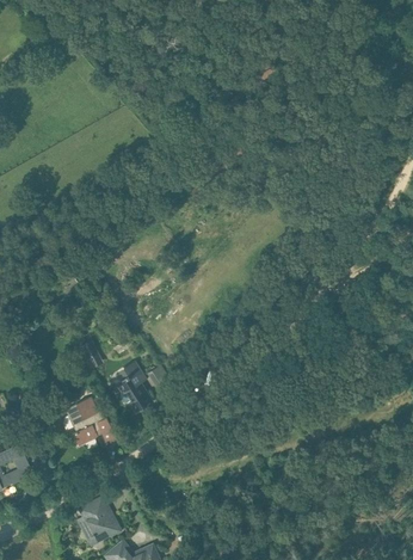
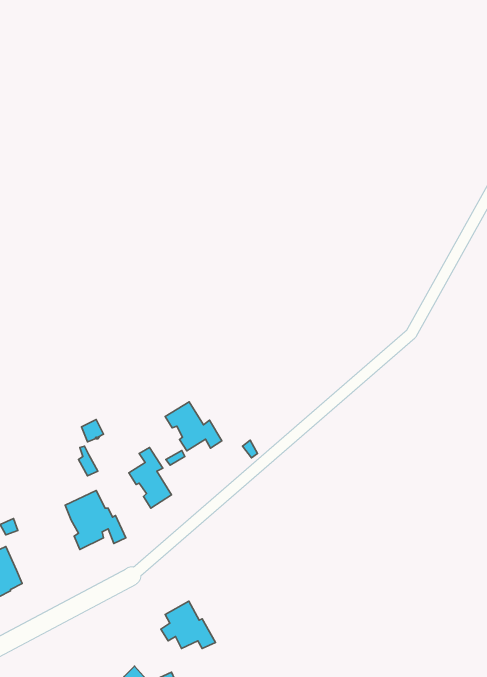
building: none -> [165,402,222,451]
building: [76,498,121,536] -> [161,601,216,648]

